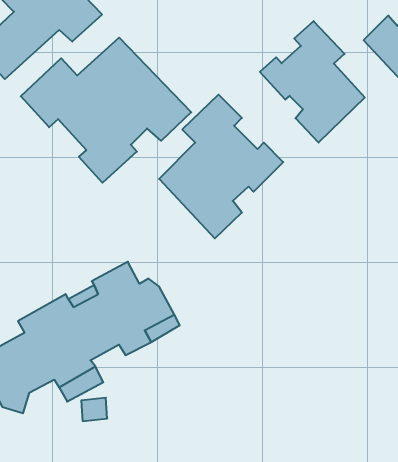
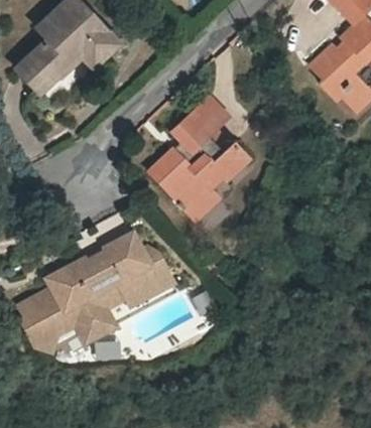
building: [260,21,365,143] -> none
building: [21,38,191,183] -> none

